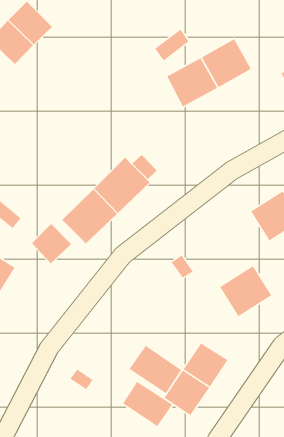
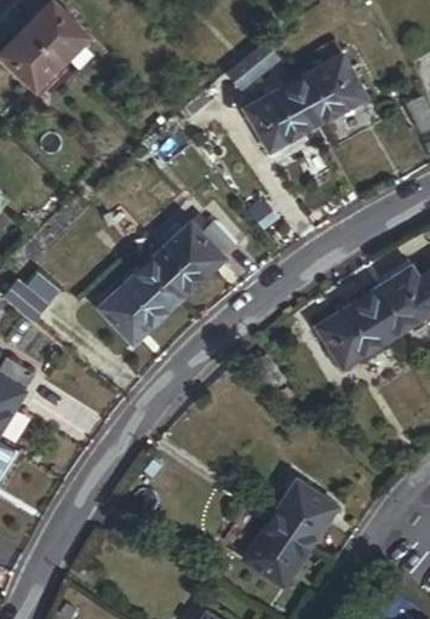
building: [31,223,72,264] -> none
building: [219,265,272,317] -> [317,297,391,369]
building: [128,345,182,394] -> none
building: [122,381,173,427] -> none

